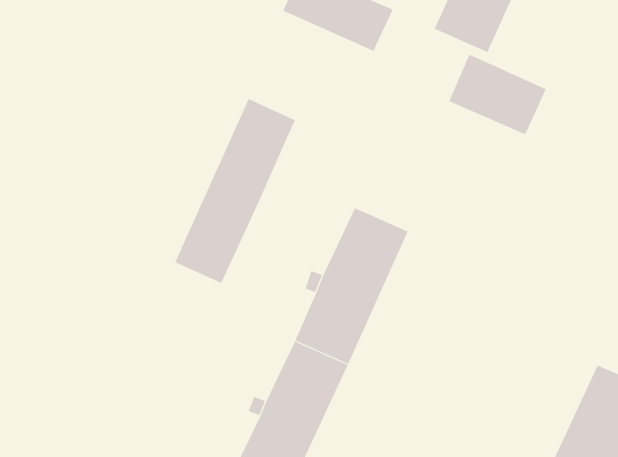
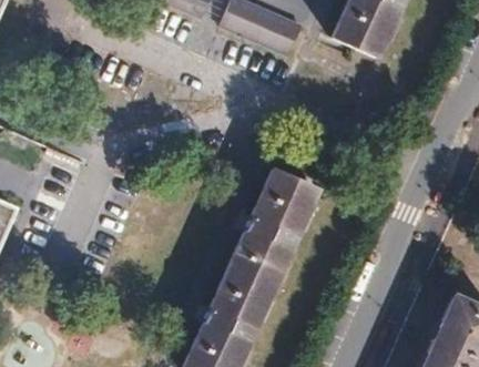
building: [449,54,547,135] -> none
building: [175,98,295,284] -> none

